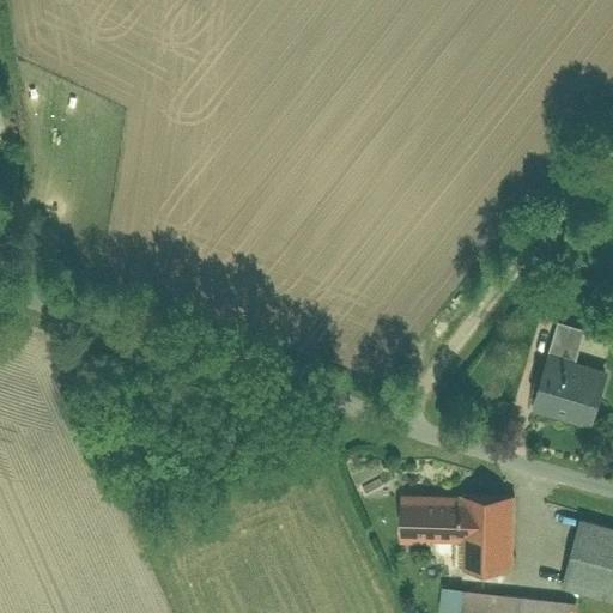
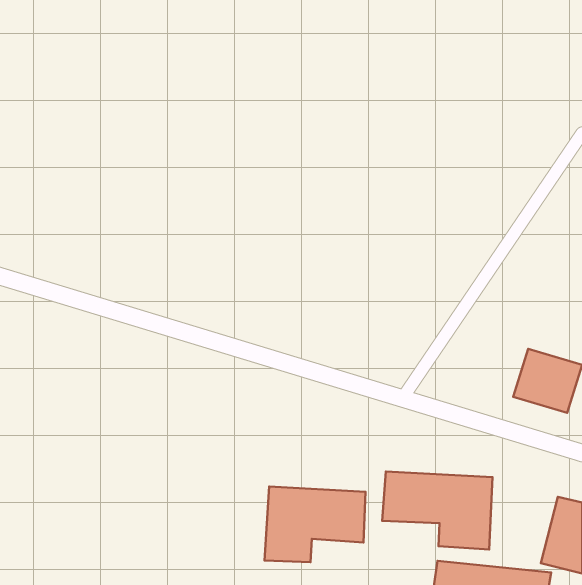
building: [545,322,585,370] -> none
building: none -> [265,487,366,562]

